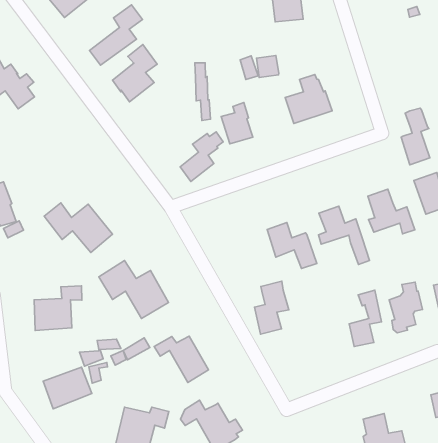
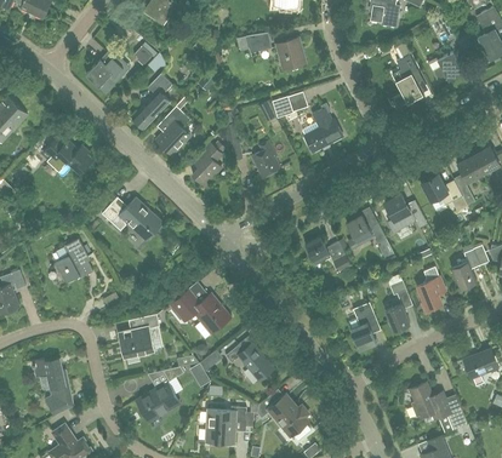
building: [401,108,430,165] -> [395,53,422,102]
building: [180,132,223,182] -> [193,139,226,184]
building: [44,203,112,253] -> [102,197,161,237]
building: [254,281,289,334] -> [350,302,380,349]

